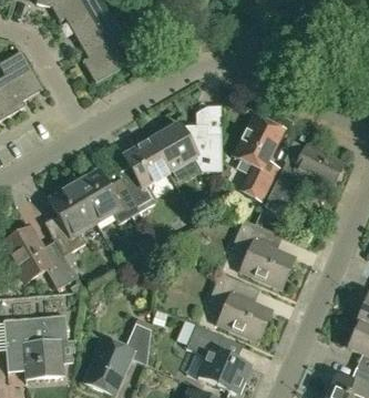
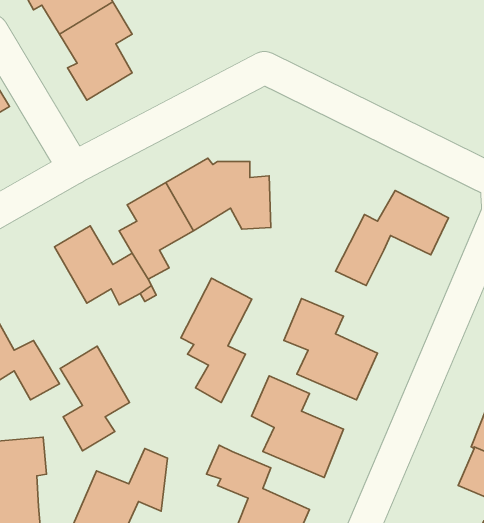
building: [233,114,281,200] -> [181,278,252,402]
building: [48,183,95,255] -> [60,346,129,451]

